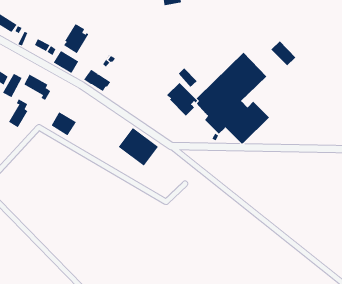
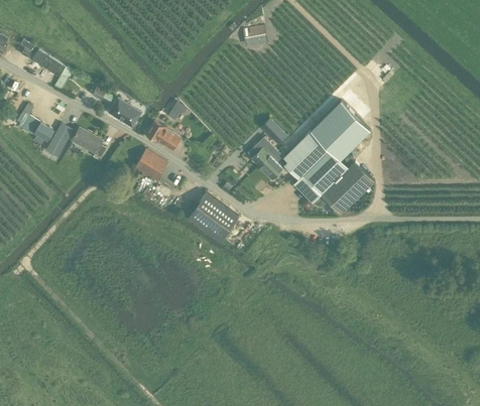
building: [63,23,89,54] -> none
building: [271,41,296,66] -> none
building: [8,99,28,128] -> none
building: [51,111,77,136] -> [135,149,167,179]

